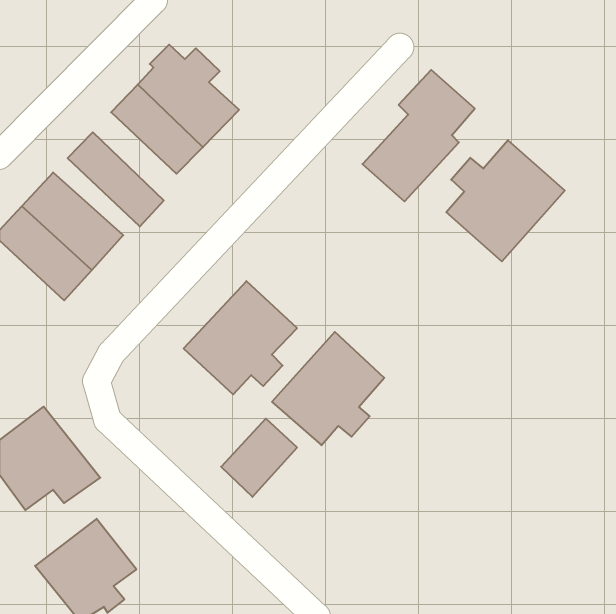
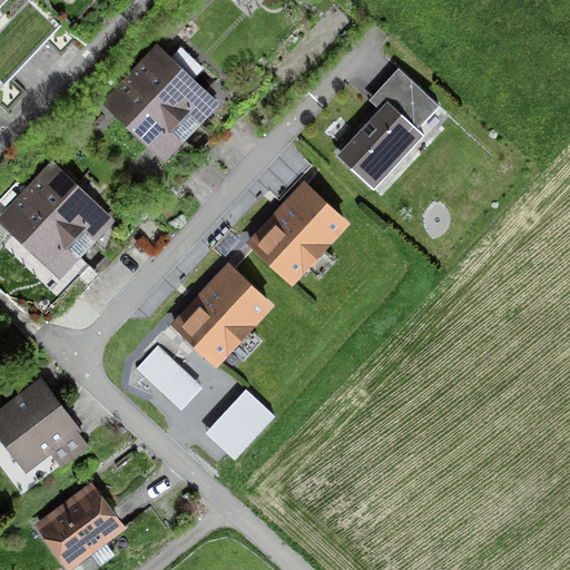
building: [68,132,164,227] -> none
building: [446,140,565,261] -> none
building: [272,332,384,445] -> [245,179,348,284]
building: none -> [136,346,202,411]

